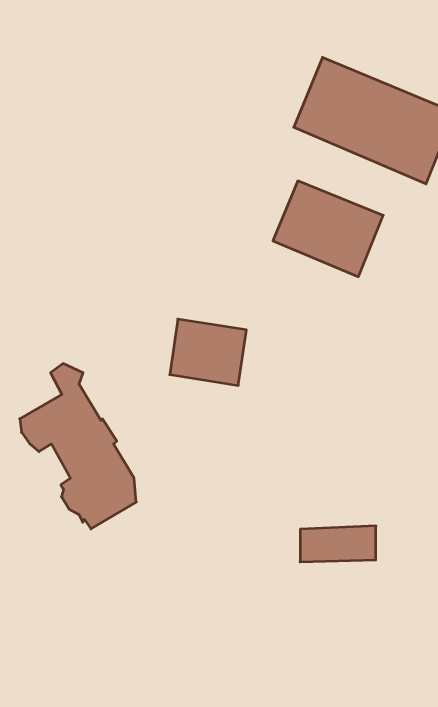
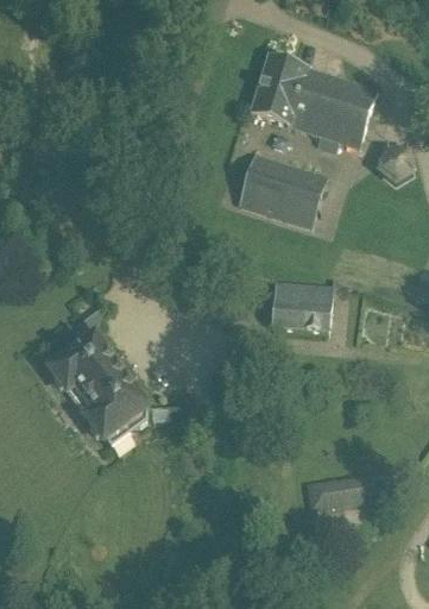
building: [170,319,246,385] -> [272,282,330,331]
building: [300,526,376,562] -> [311,473,374,508]

